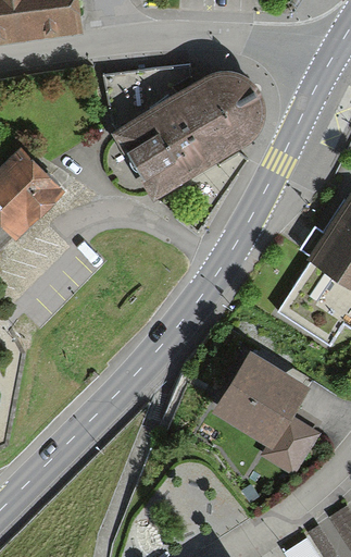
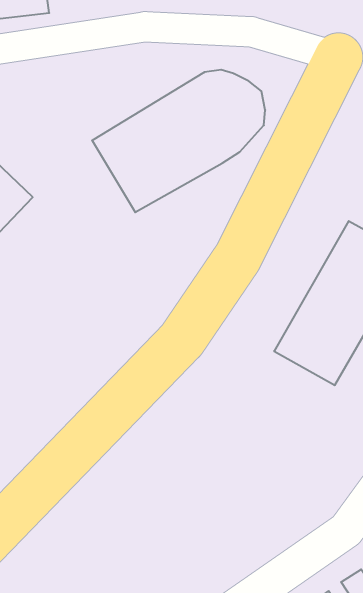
building: [209,366,313,483] -> none

